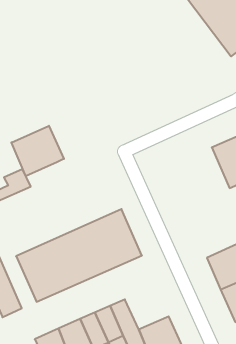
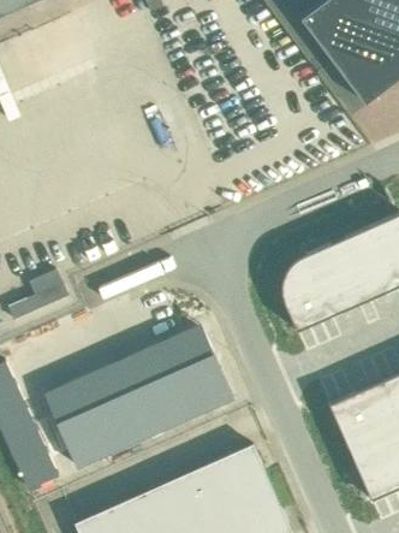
building: [11,126,64,176] -> none
building: none -> [281,239,363,328]
building: none -> [208,444,273,509]

